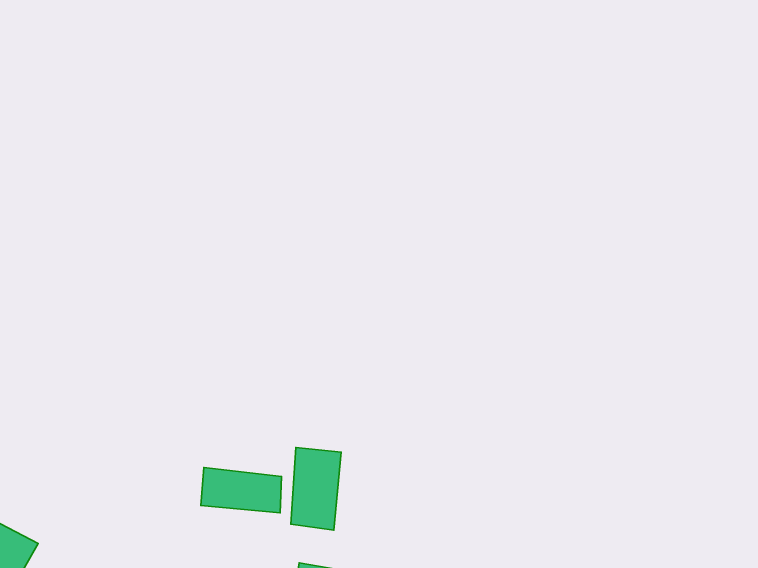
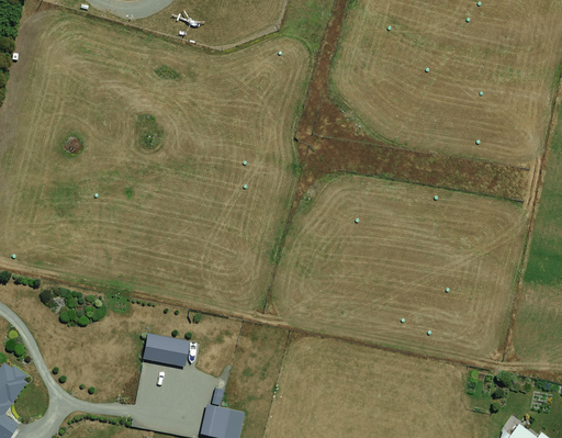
building: [291,447,341,530] -> none

